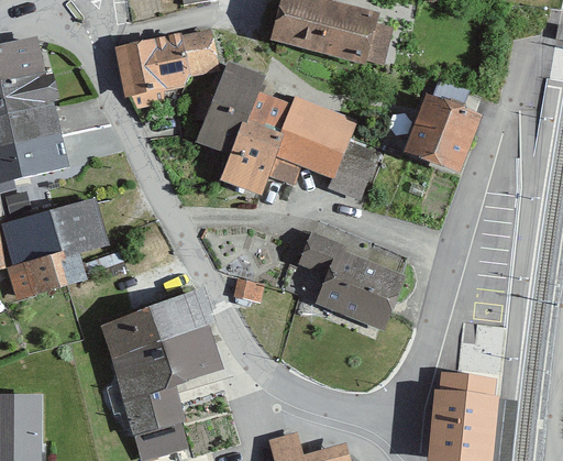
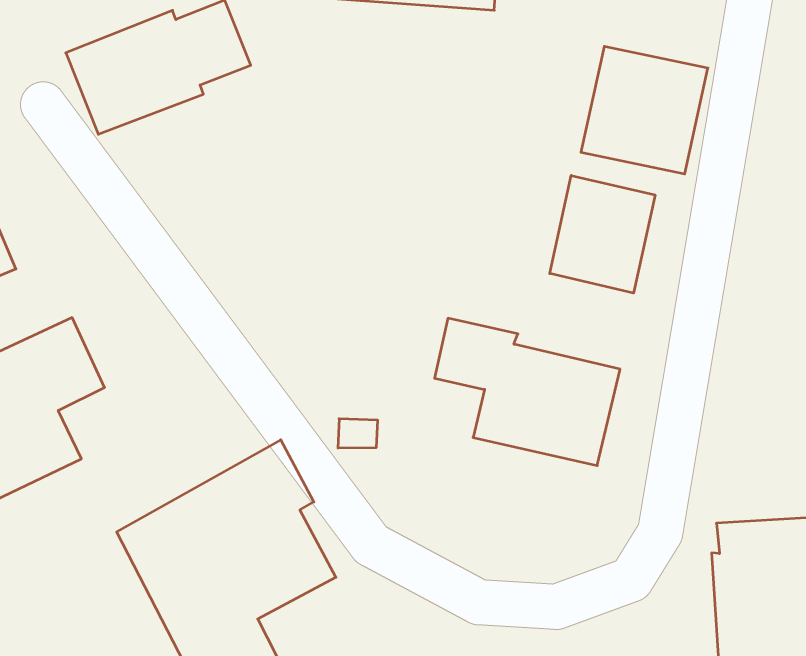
building: [196,63,376,202] -> none
building: none -> [550,175,655,293]

